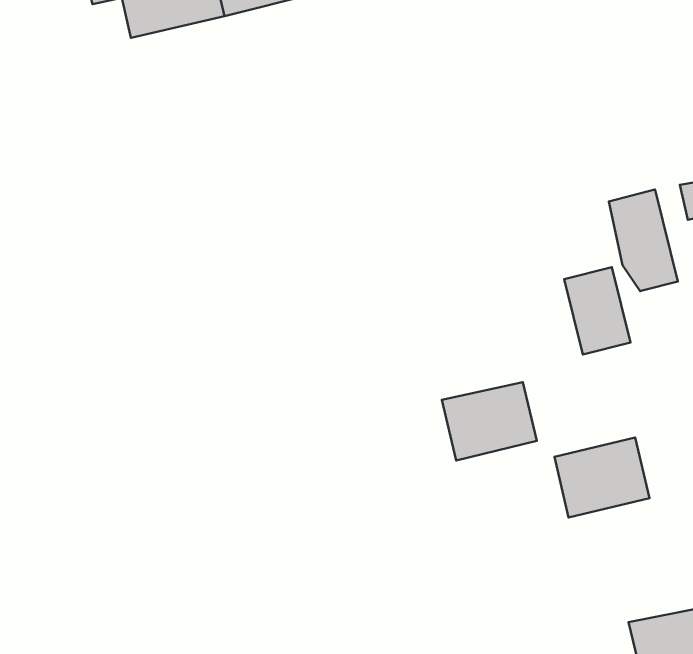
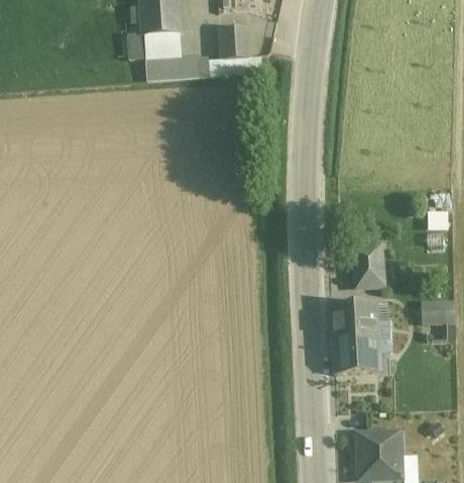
building: [609,189,678,291] -> none
building: [442,382,537,460] -> [333,303,379,339]

